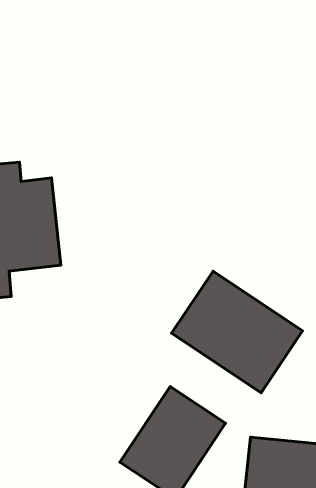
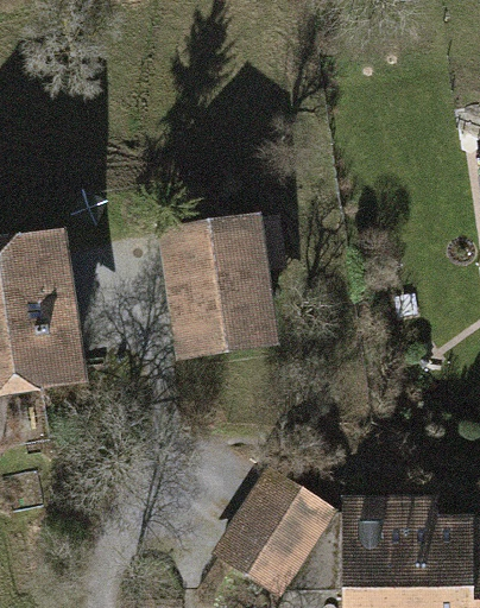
building: none -> [166,215,278,350]
building: [172,271,303,393] -> none

